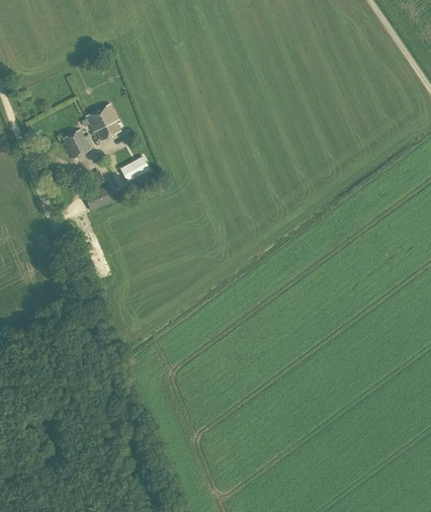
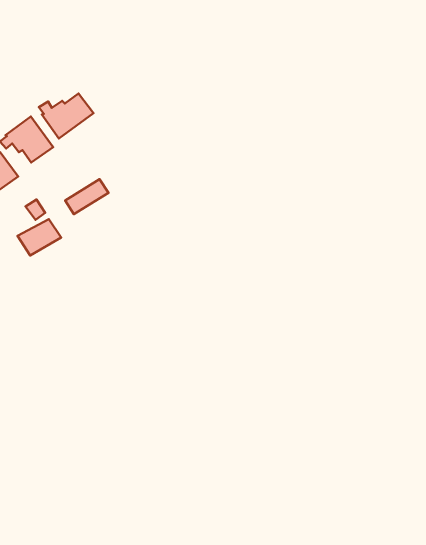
building: none -> [39,93,93,138]

